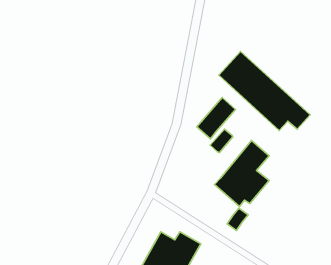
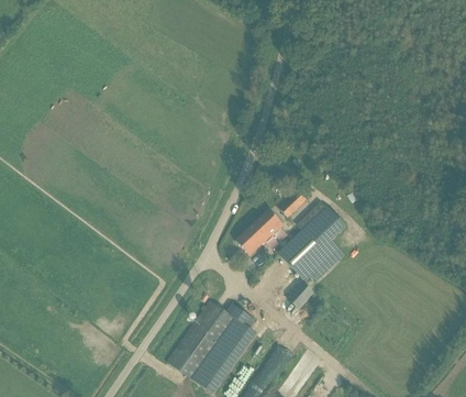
building: [219,51,310,131] -> none
building: [197,98,236,139] -> [236,210,284,256]

